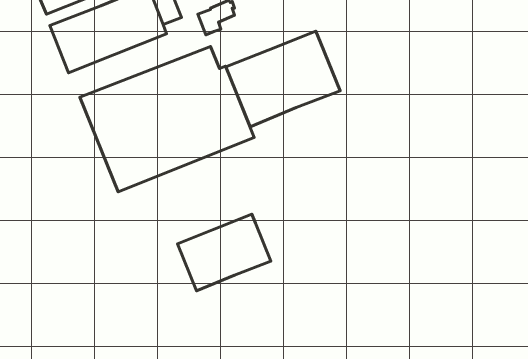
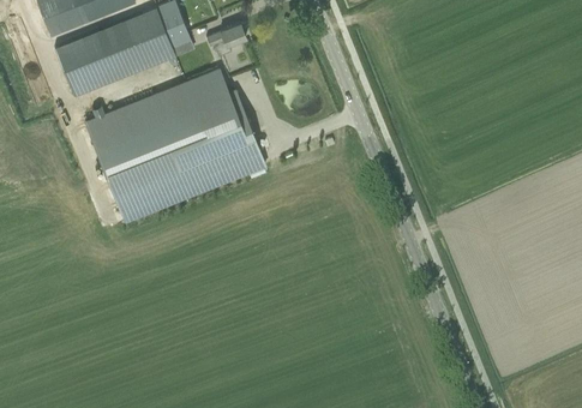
building: [226,31,340,127] -> none
building: [177,214,271,291] -> none

